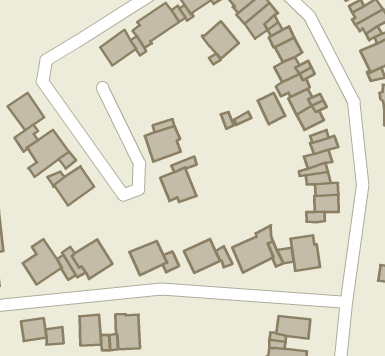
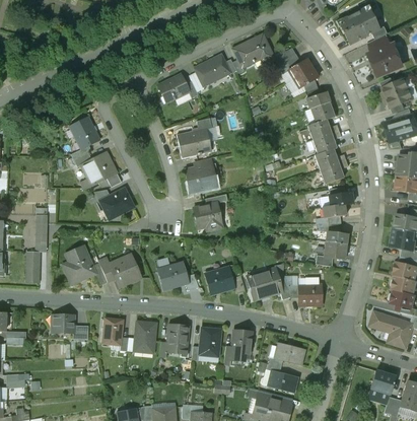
building: [202,21,239,59] -> none
building: none -> [177,118,211,157]
building: [258,93,285,124] -> none
building: none -> [229,330,252,362]
building: none -> [198,327,220,354]
building: none -> [165,324,188,357]

